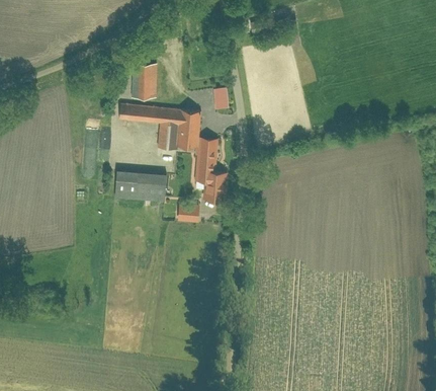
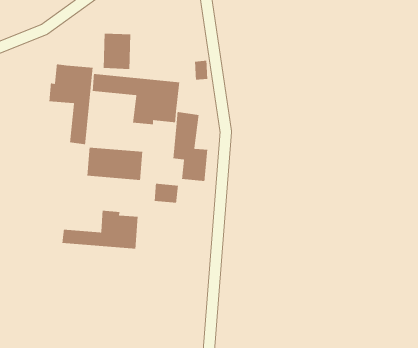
building: none -> [48,64,94,145]
building: none -> [61,210,139,249]

